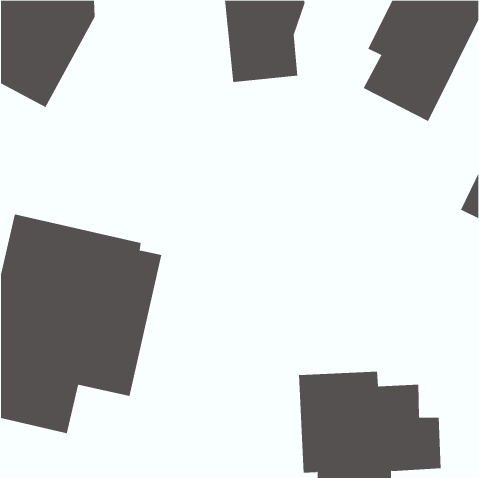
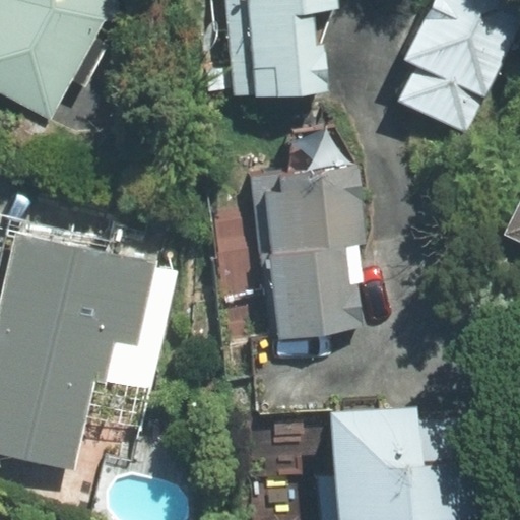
building: none -> [248,162,363,337]

